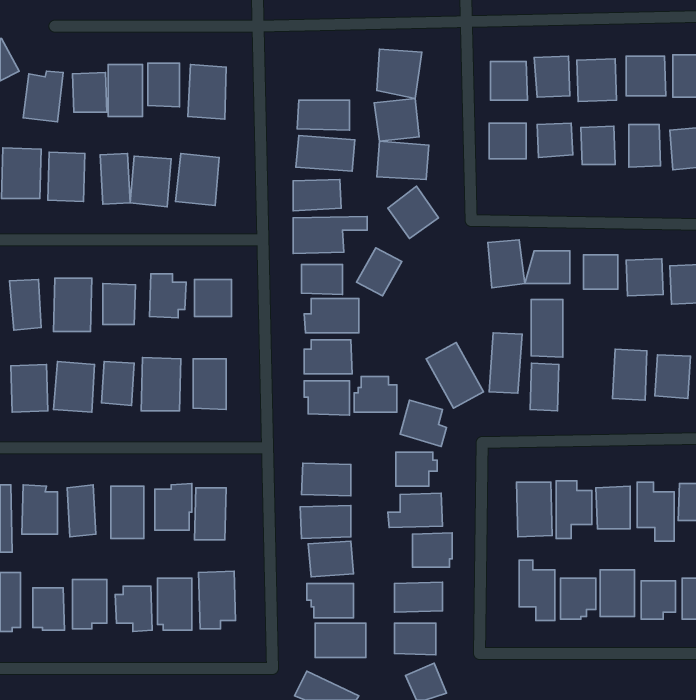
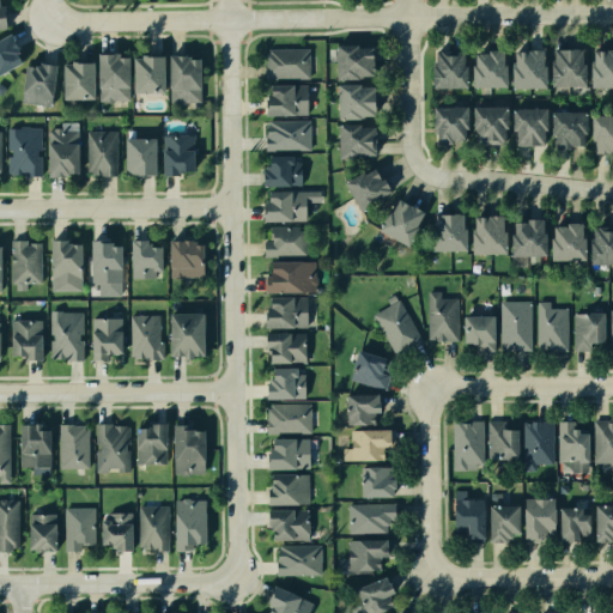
building: none -> [262,47,306,80]
building: [357,248,402,296] -> [378,199,418,241]
building: [531,300,563,357] -> [503,303,530,353]
building: [354,377,397,412] -> [271,368,308,399]

